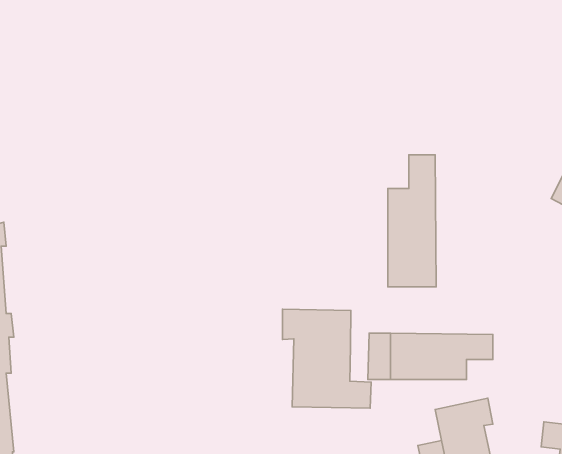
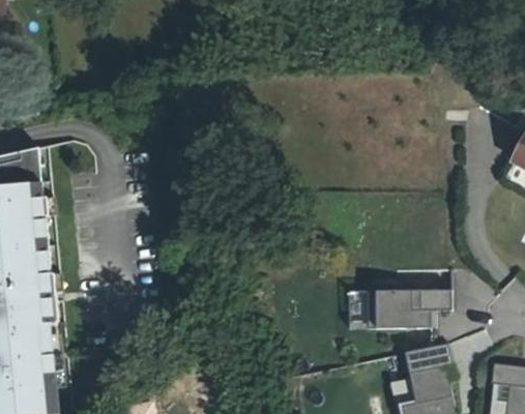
building: [388,155,436,287] -> none
building: [283,309,371,408] -> none

